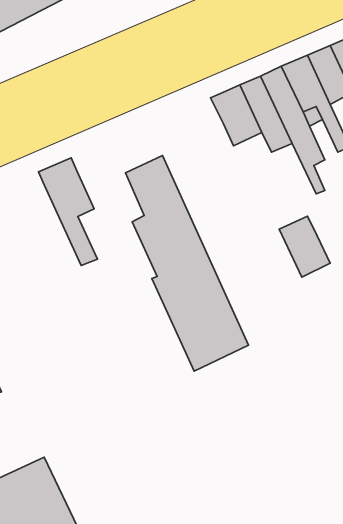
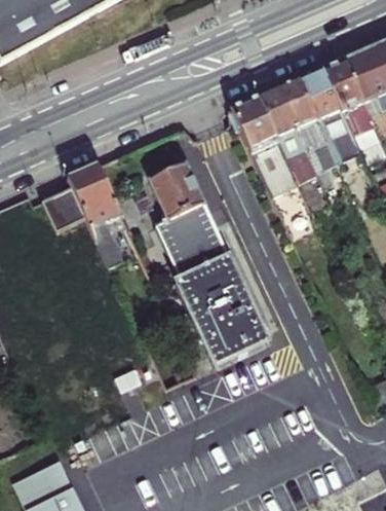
building: none -> [42,186,85,229]
building: [279,216,330,277] -> [252,140,300,197]

